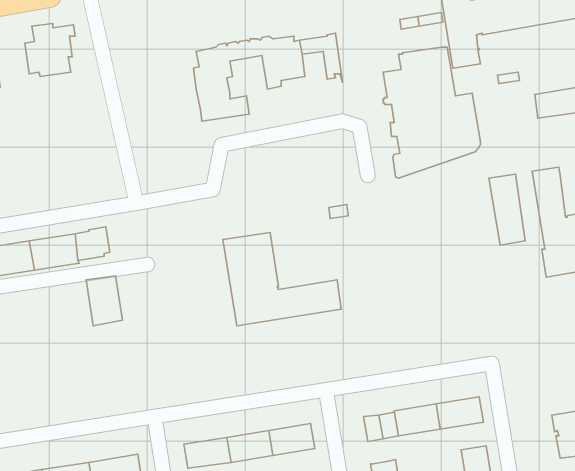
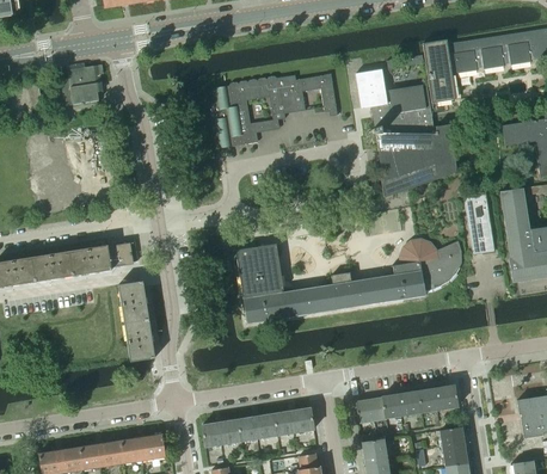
building: none -> [356,69,388,109]
building: none -> [331,238,462,309]
building: none -> [124,319,155,362]

